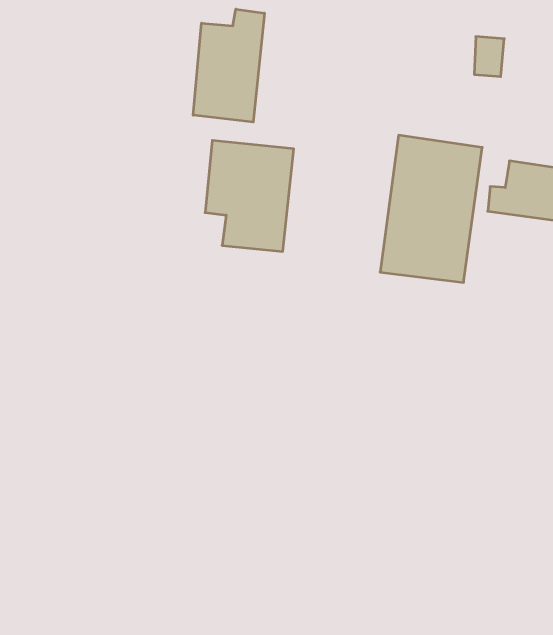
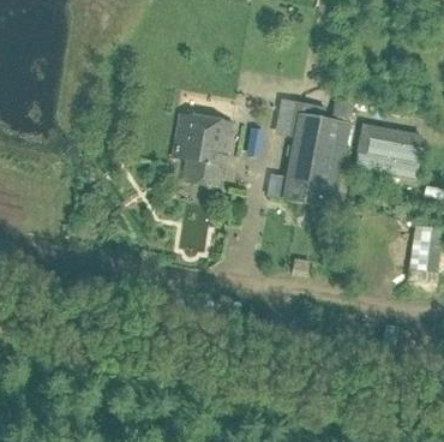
building: [193,9,264,122] -> none

